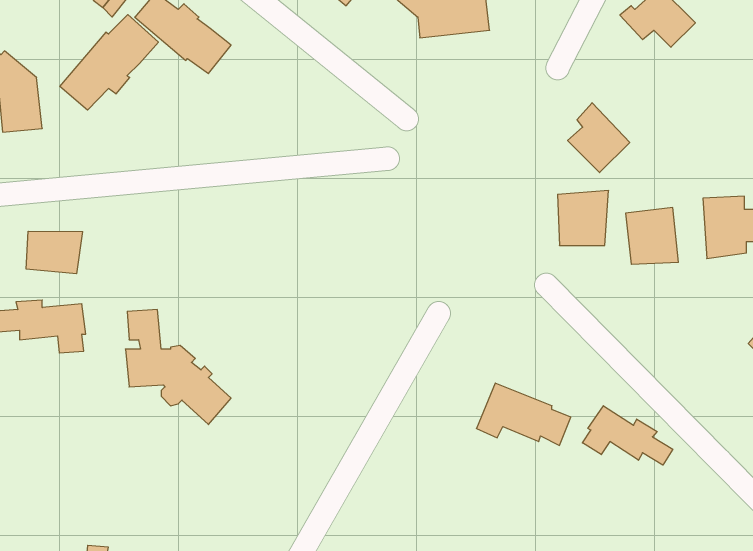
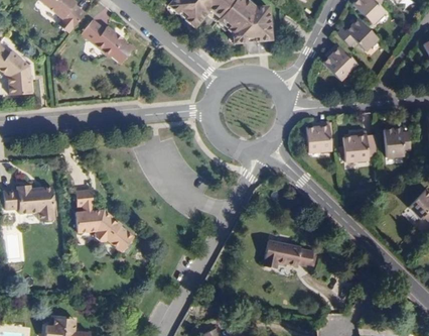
building: [60,15,158,110] -> none
building: [568,103,630,173] -> [325,41,359,79]
building: [26,231,83,274] -> none
building: [582,406,673,465] -> none

